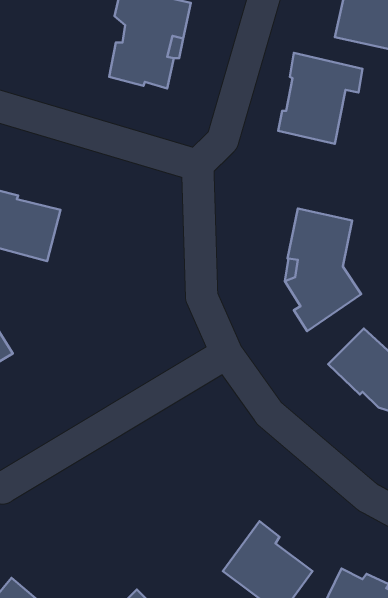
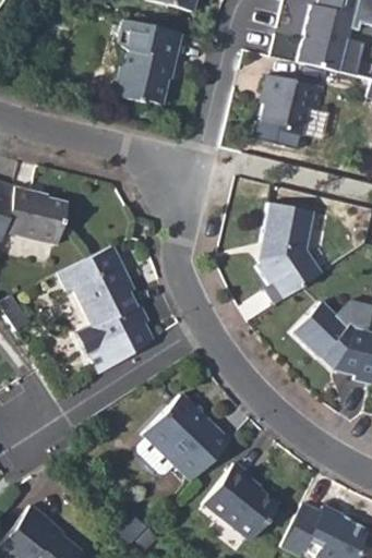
building: none -> [63,247,155,373]
building: none -> [139,395,231,481]

